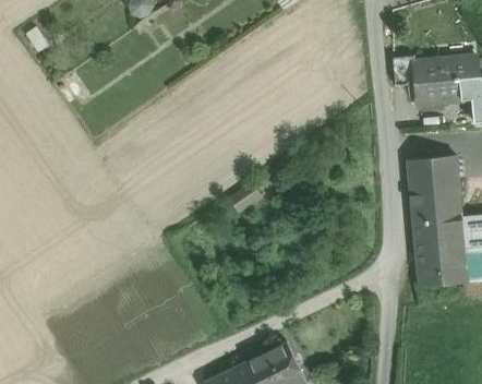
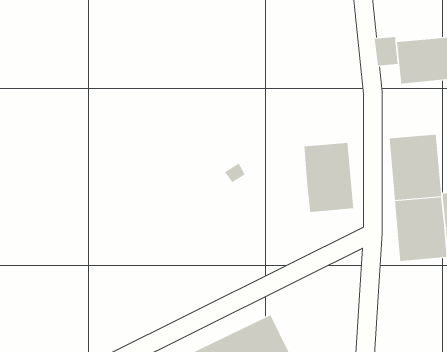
building: none -> [304,142,354,213]

